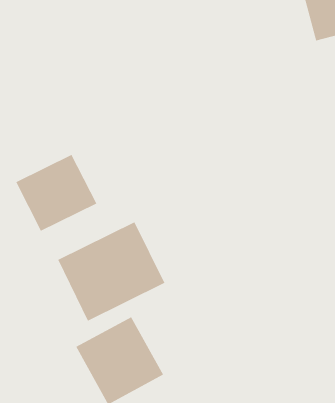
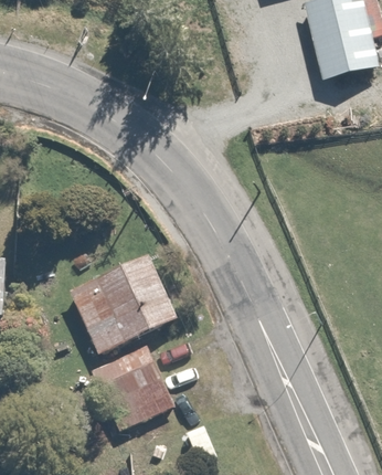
building: [15,154,97,232] -> none

